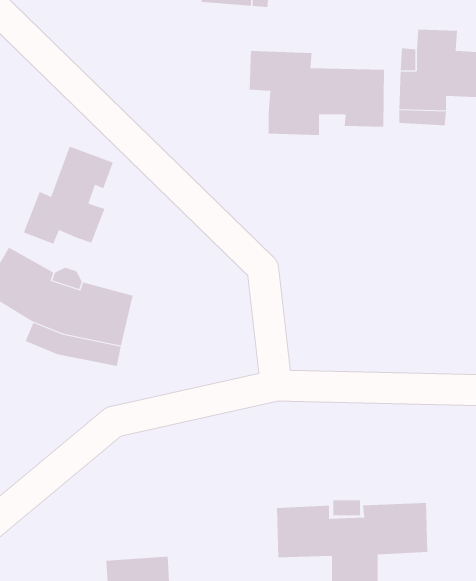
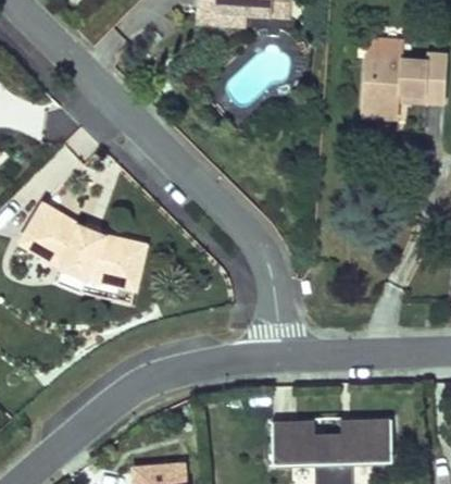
building: [249,50,385,136] -> none
building: [23,146,114,245] -> none

